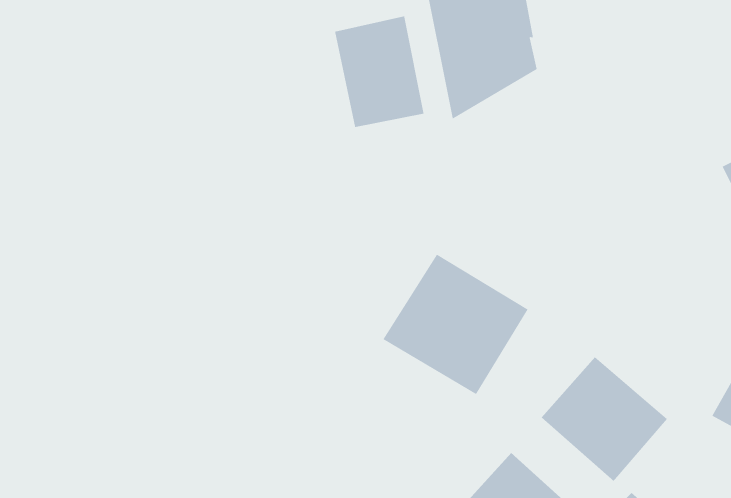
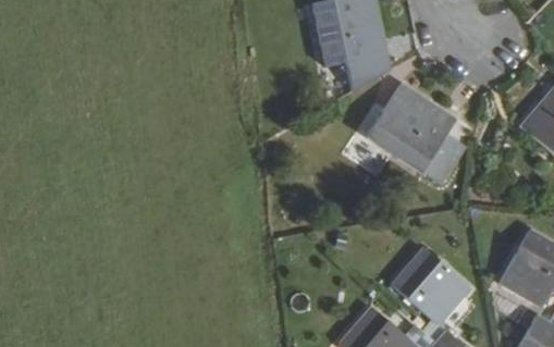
building: [334,16,424,128] -> none
building: [382,254,529,395] -> [368,89,459,177]

